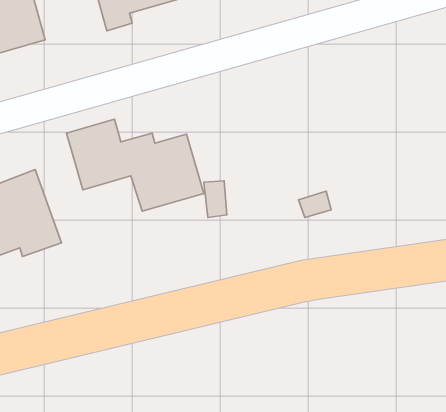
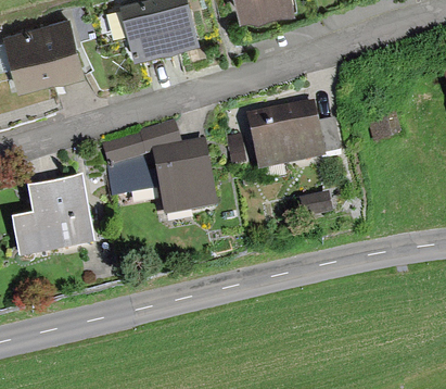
building: none -> [245,101,344,163]

